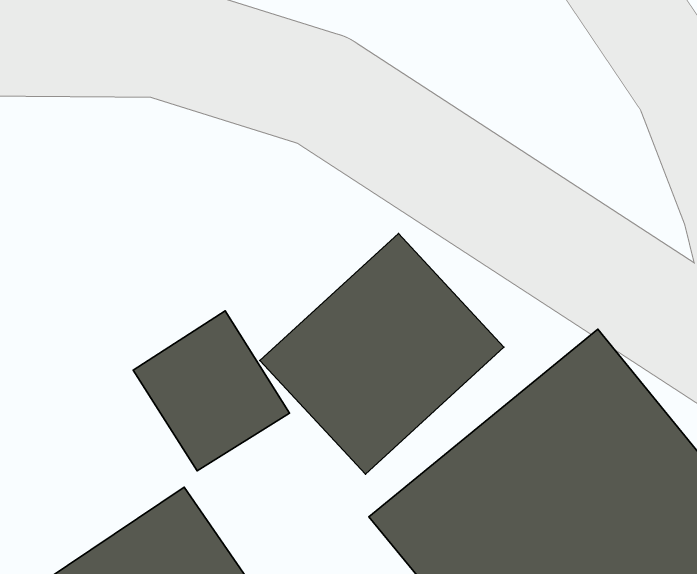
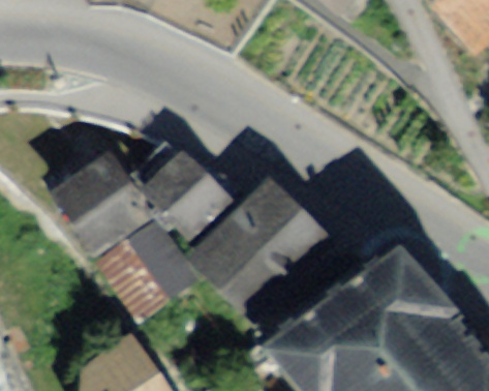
building: none -> [141,145,228,233]
building: none -> [50,152,156,259]

